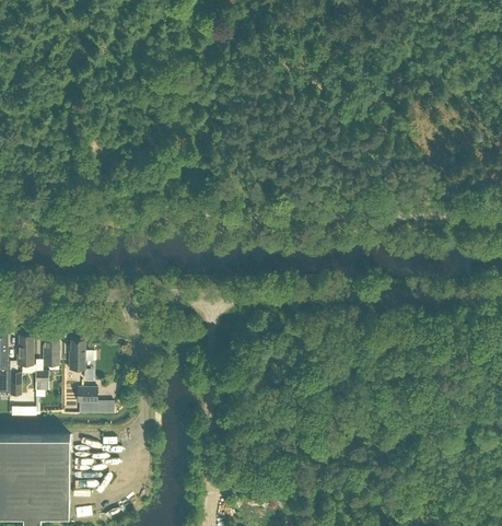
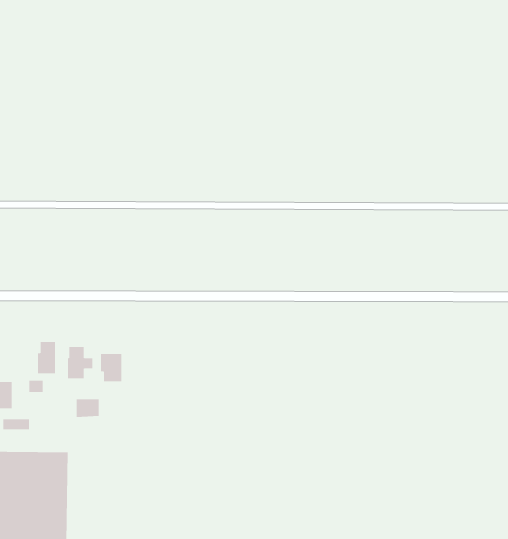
building: [16,339,33,369] -> none
building: none -> [101,353,122,382]

